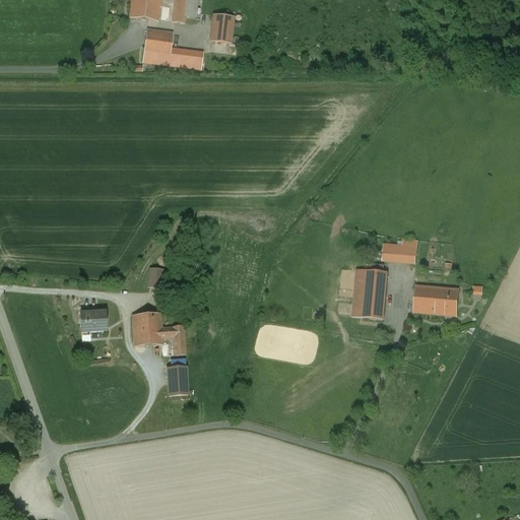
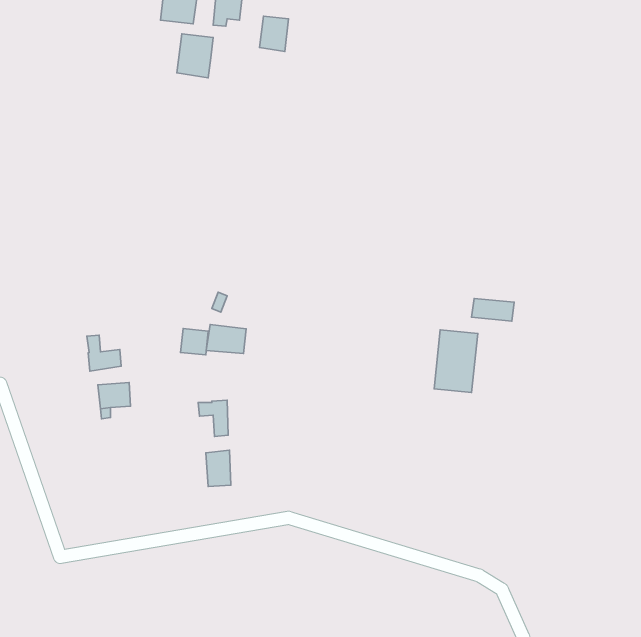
building: [169,47,203,67] -> none
building: none -> [206,324,246,354]
building: none -> [87,335,121,371]
building: [413,282,458,314] -> none
building: [133,312,161,344] -> none

